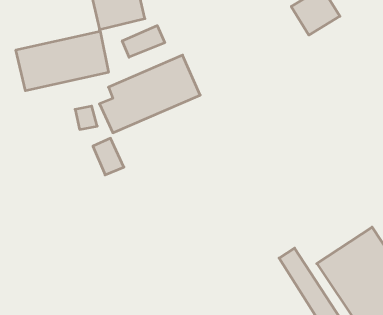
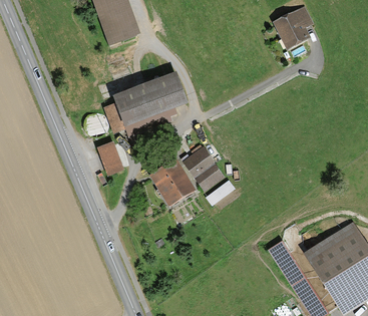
building: [122,26,165,57] -> none
building: [16,31,108,91] -> none
building: none -> [153,145,222,207]

